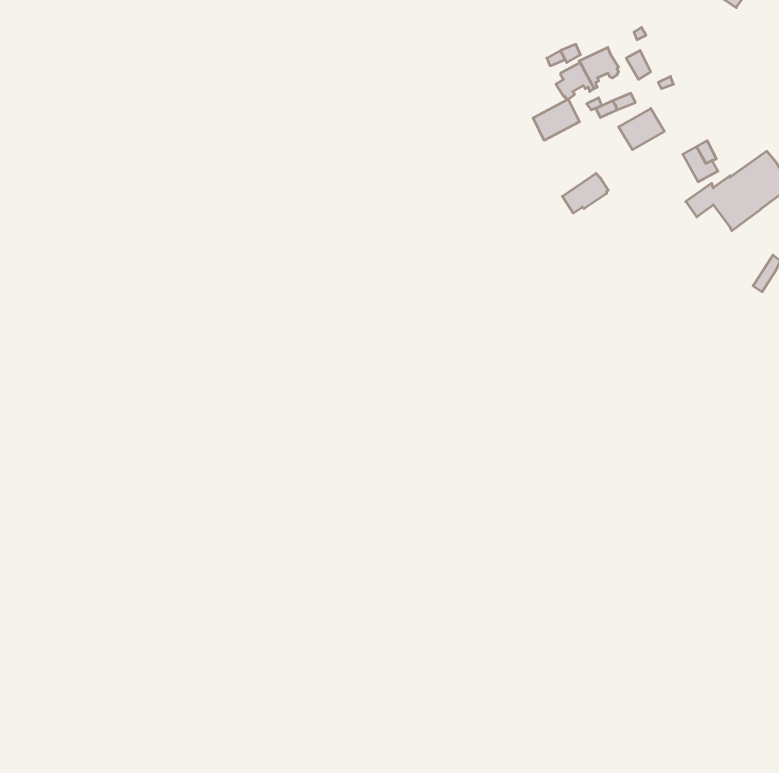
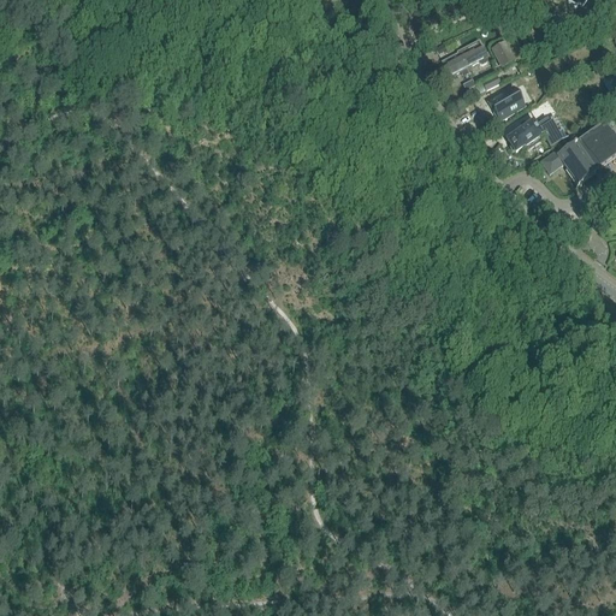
building: [533,99,579,140] -> none
building: [562,173,608,213] -> [508,118,544,149]

